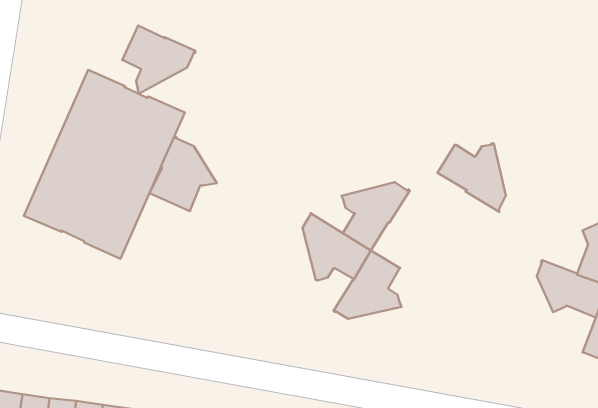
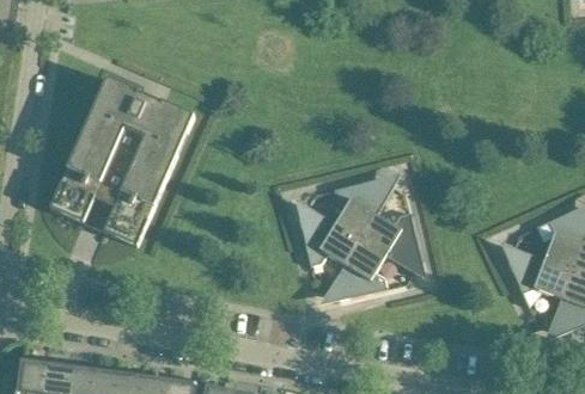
building: [122,25,195,94] -> none
building: [150,137,217,211] -> none
building: [437,143,506,212] -> [360,211,421,272]

